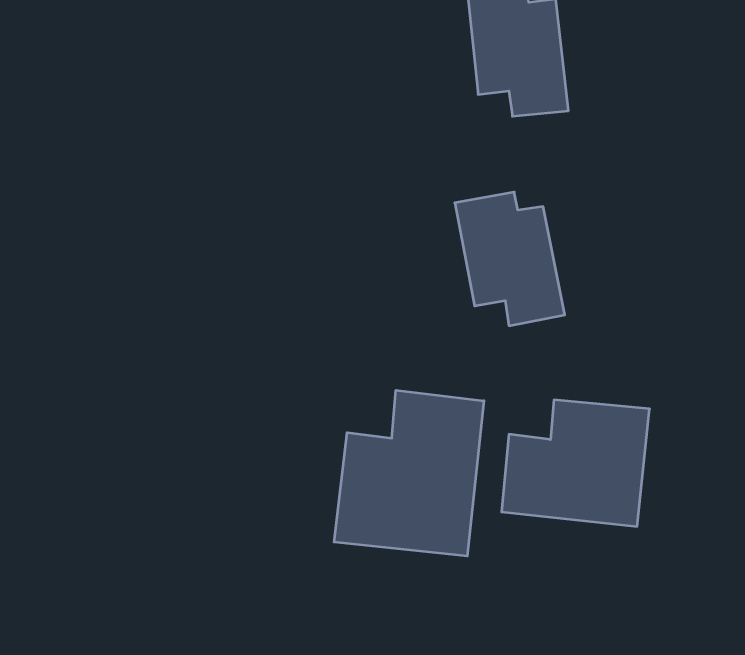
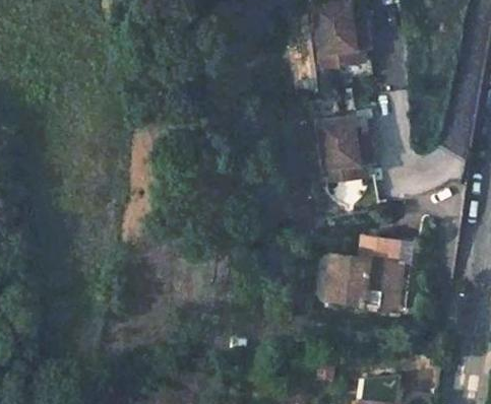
building: [334,390,484,556] -> none

